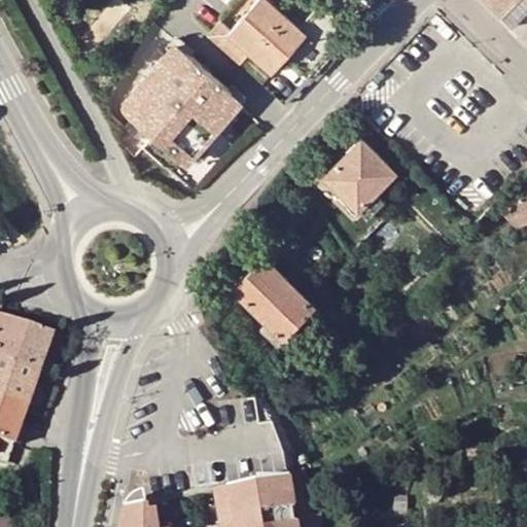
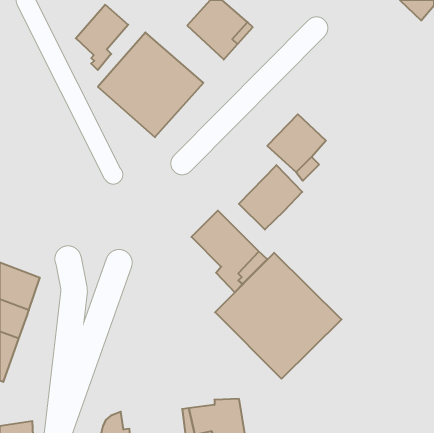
building: none -> [76,5,128,70]
building: none -> [239,165,302,230]
building: none -> [215,253,342,379]

